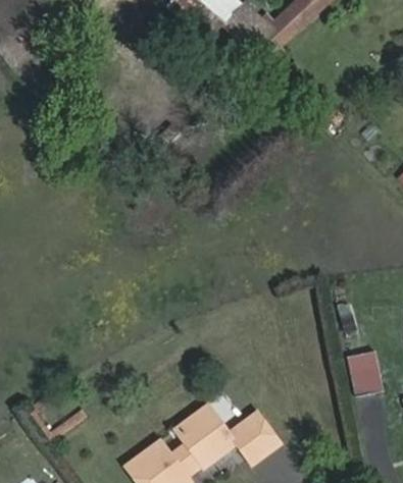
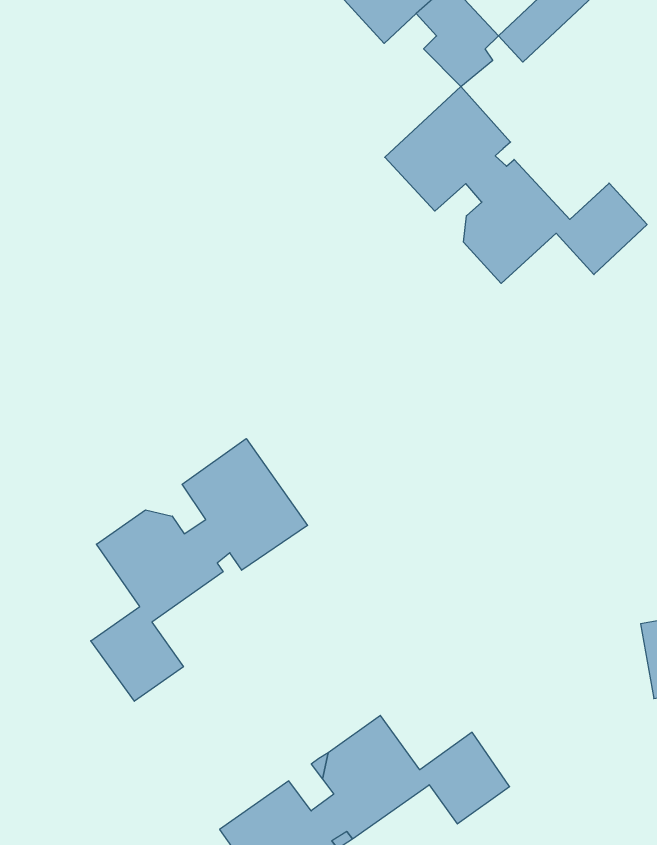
building: none -> [385,86,647,283]
building: none -> [91,439,308,701]

